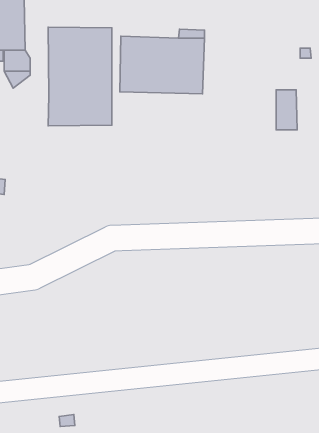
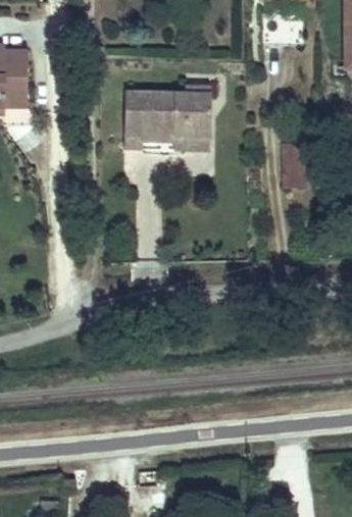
building: [48,27,112,126] -> none

